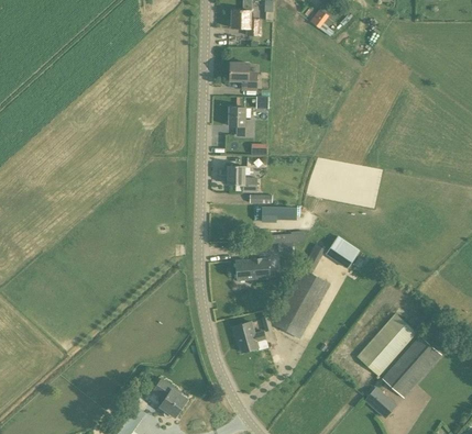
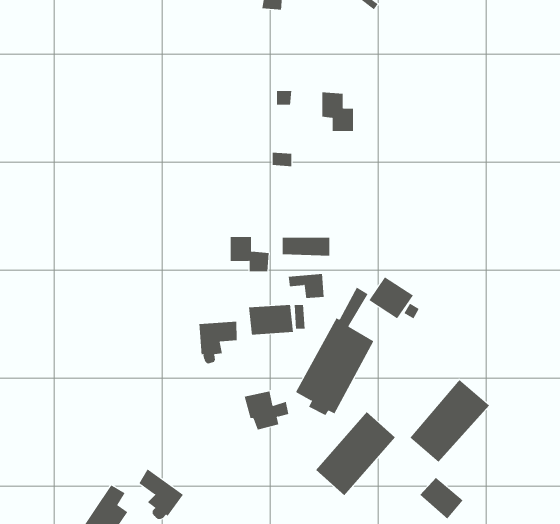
building: [229,63,256,90] -> none
building: [228,107,252,136] -> [322,92,354,131]
building: [227,166,256,192] -> [230,237,269,272]
building: none -> [199,321,237,365]
building: [381,335,441,399] -> [315,411,396,496]

